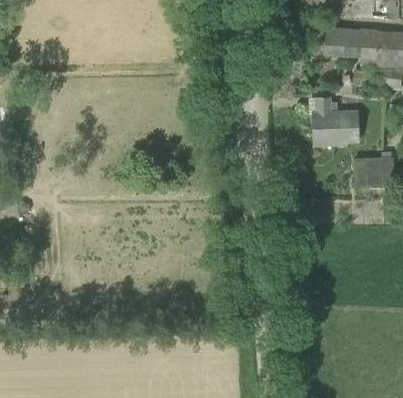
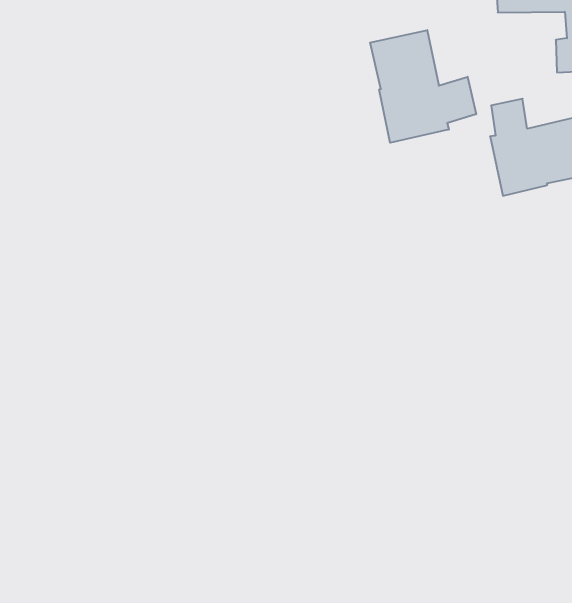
building: none -> [370,30,476,143]

